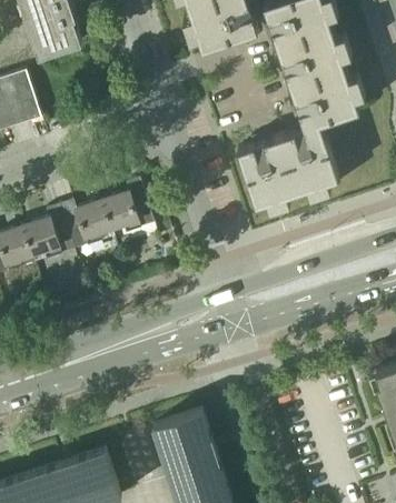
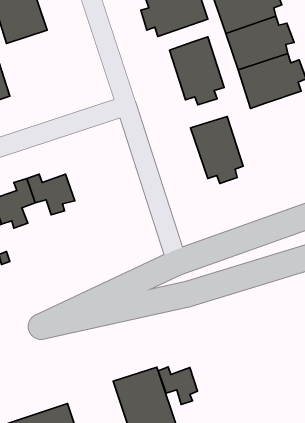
building: [278,123,338,198] -> [169,37,224,105]
building: [101,179,154,233] -> none
building: none -> [158,367,198,404]

